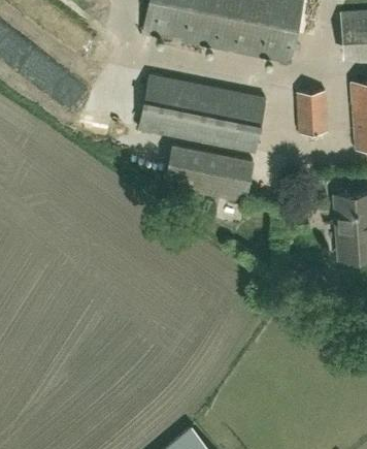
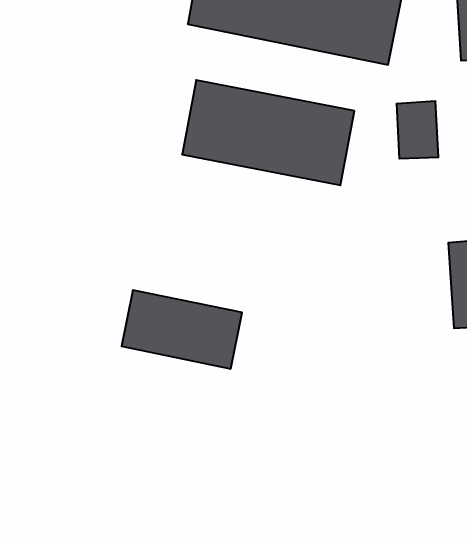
building: [164,142,253,200] -> [122,290,242,369]

